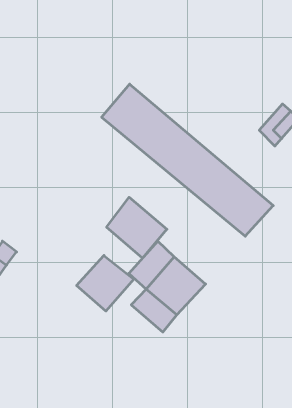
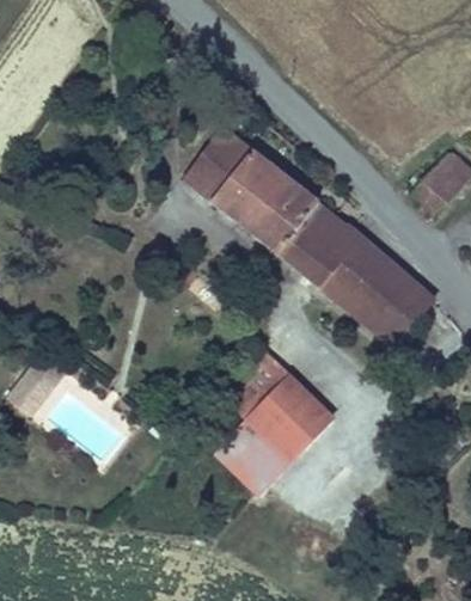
building: [107,197,167,258] -> none
building: [77,255,134,311] -> none

